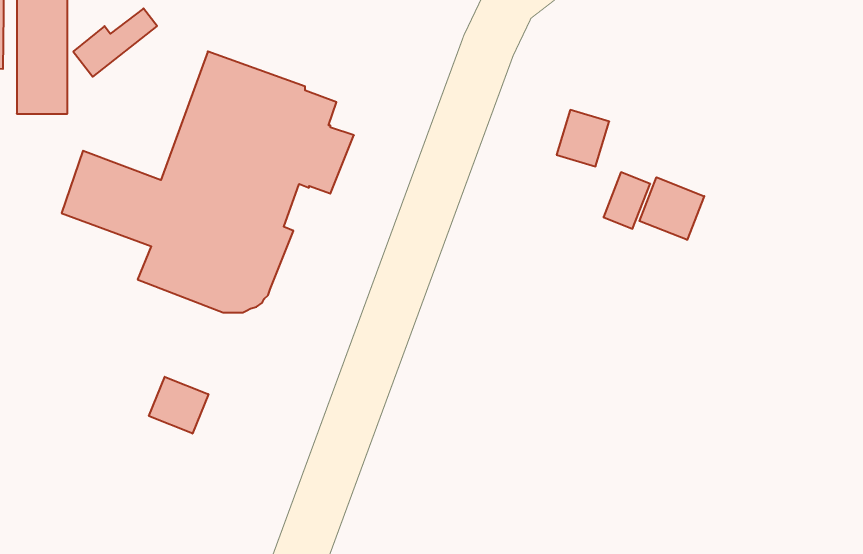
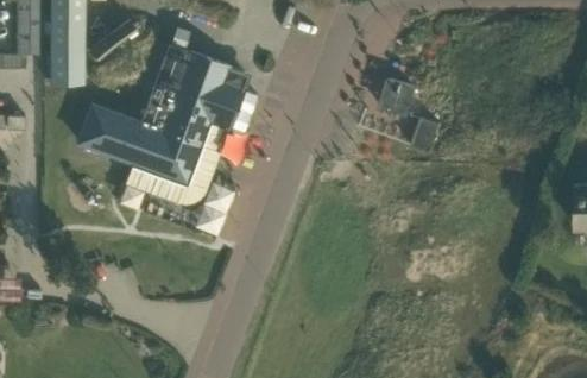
building: [639,177,704,240] -> none
building: [149,377,208,434] -> none

